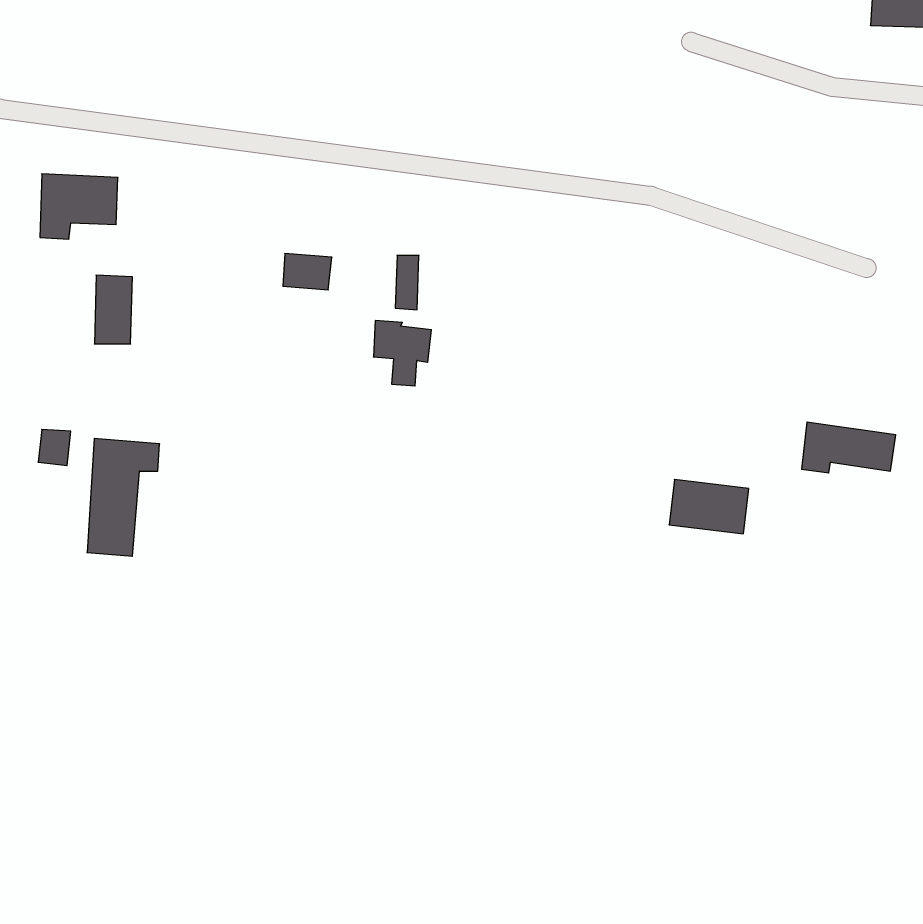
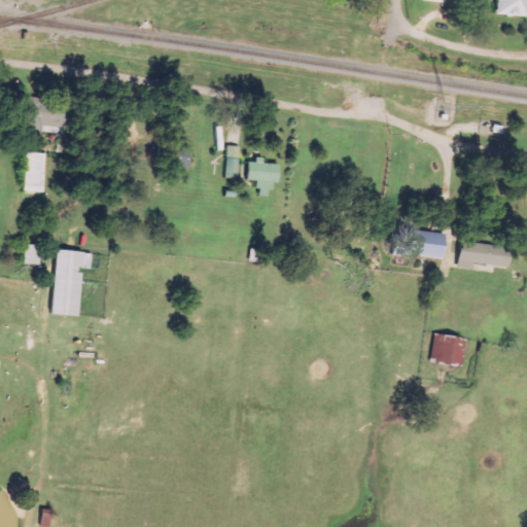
building: [94,275,132,344] -> [25,151,46,190]
building: [373,321,431,386] -> [247,159,280,196]
building: [669,479,749,534] -> [400,227,446,258]
building: none -> [429,332,467,365]

